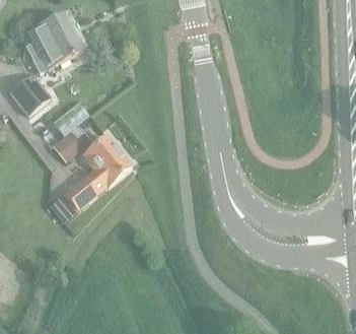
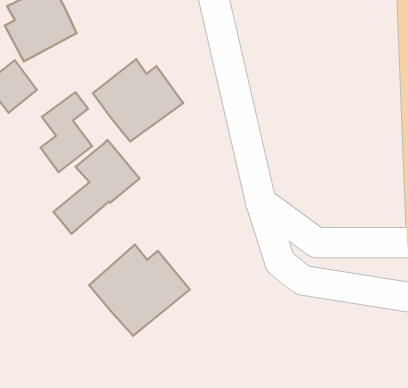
building: none -> [93,59,183,142]
building: none -> [89,245,190,336]

